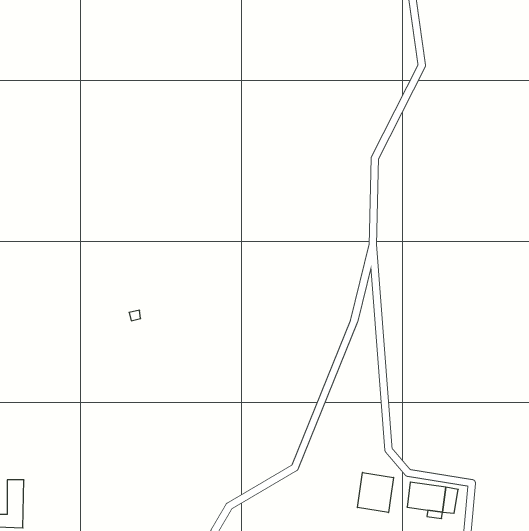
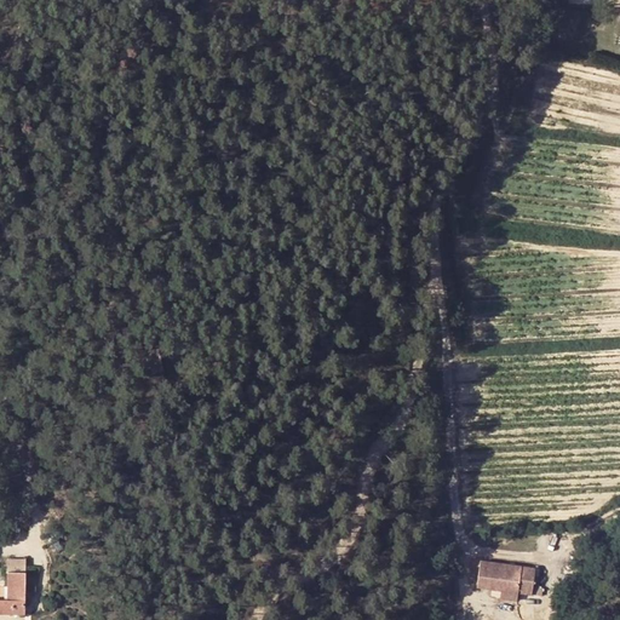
building: [357,472,394,513] -> none

